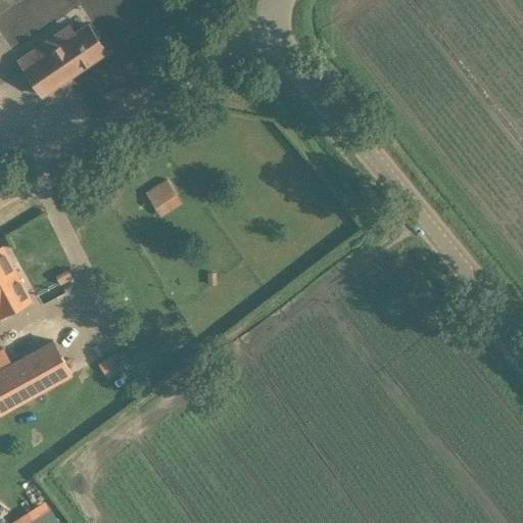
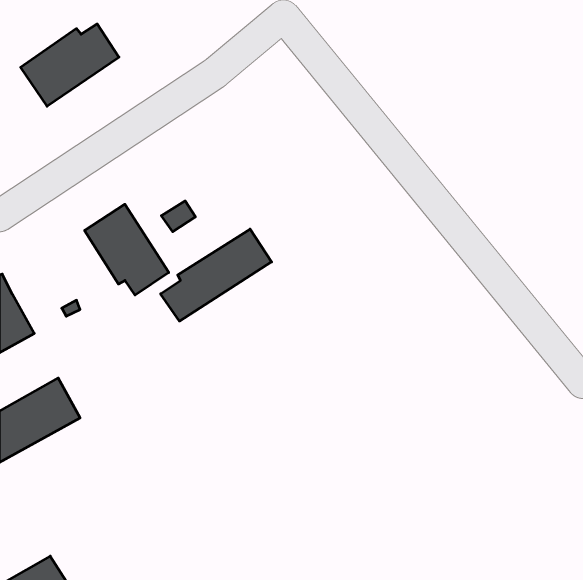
building: none -> [85,204,169,295]
building: none -> [161,229,272,321]

